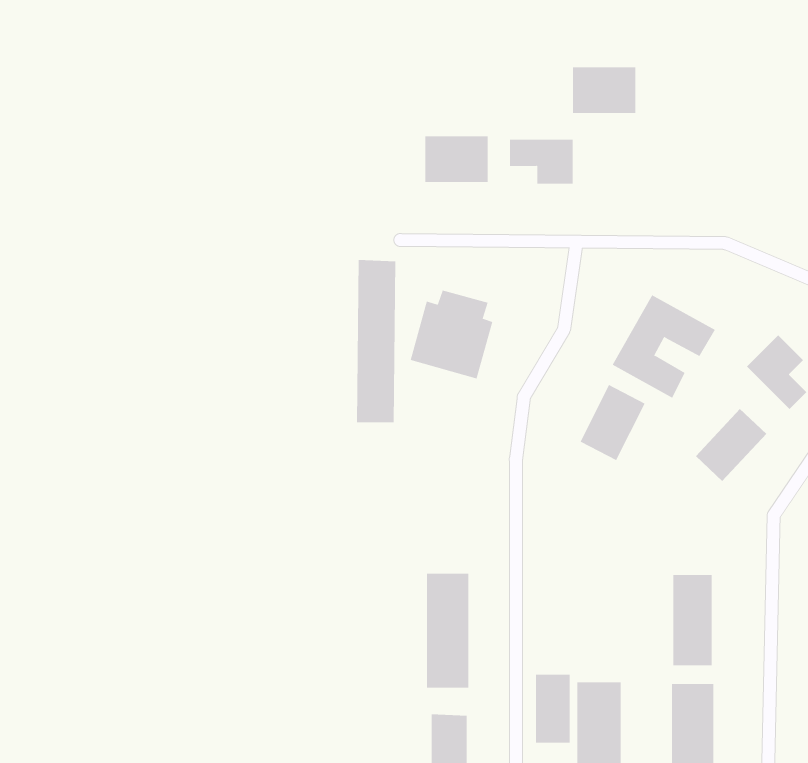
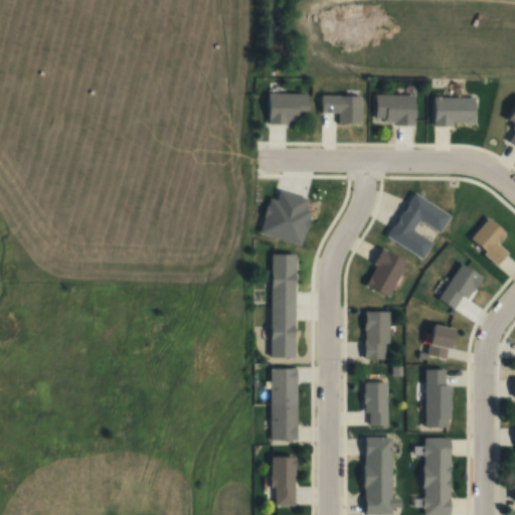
building: [572,67,636,113] -> [377,96,417,125]
building: none -> [435,97,478,125]
building: [356,259,396,423] -> [272,254,297,357]
building: none -> [365,311,390,359]
building: none -> [428,324,459,360]
building: [535,674,570,743] -> [366,382,388,425]

